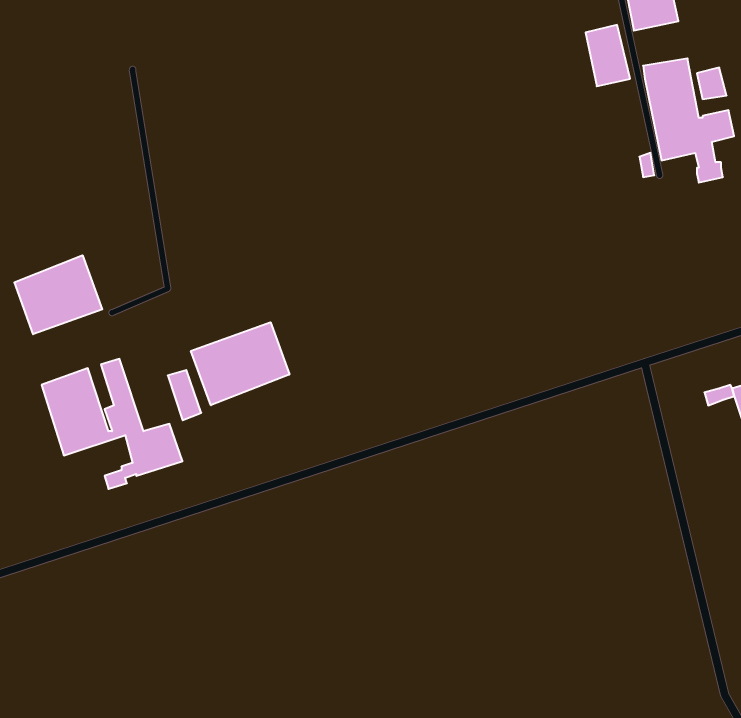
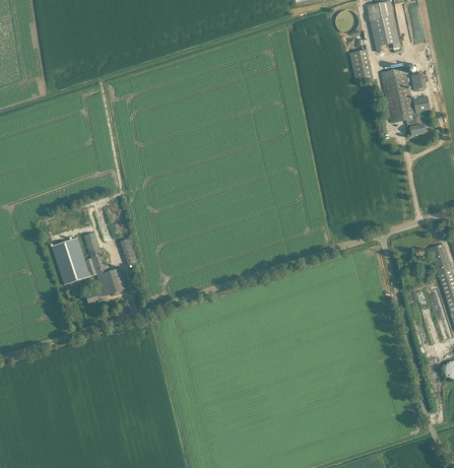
building: [14,255,102,334] -> none
building: [191,322,289,405] -> none

